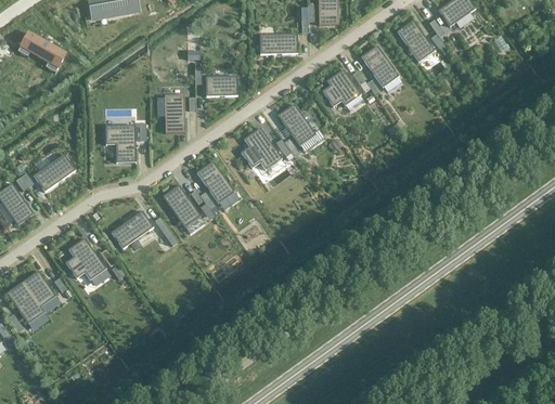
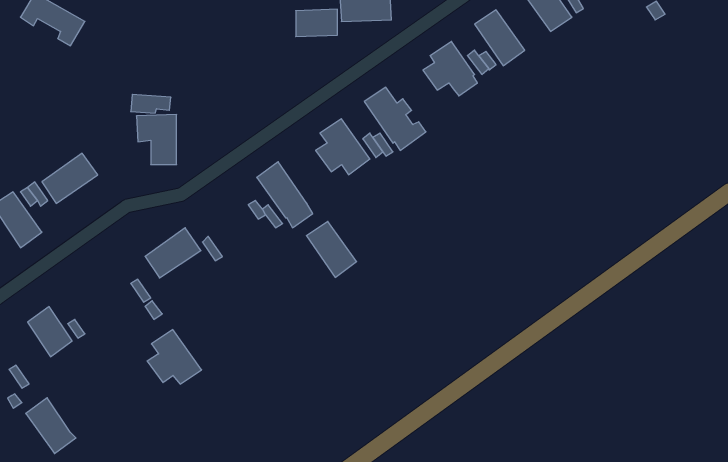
building: [205,75,236,95] -> [296,9,337,37]
building: [164,93,184,132] -> none
building: [162,184,199,226] -> [306,221,357,277]
building: [64,237,105,278] -> [147,330,202,384]
building: [5,281,43,323] -> [26,398,76,454]

